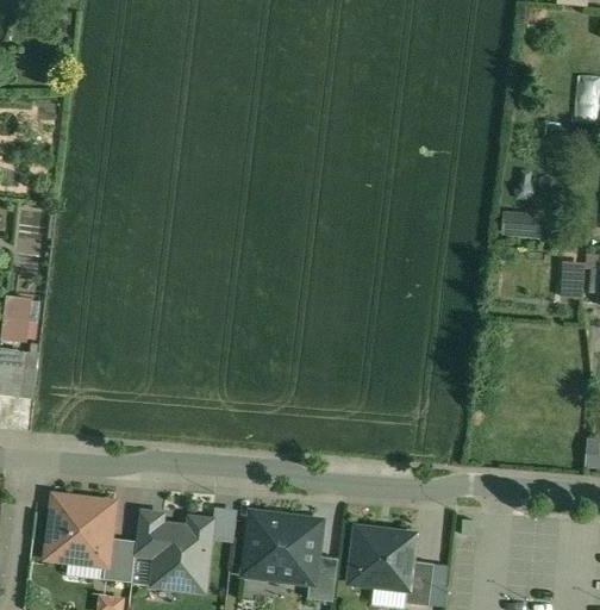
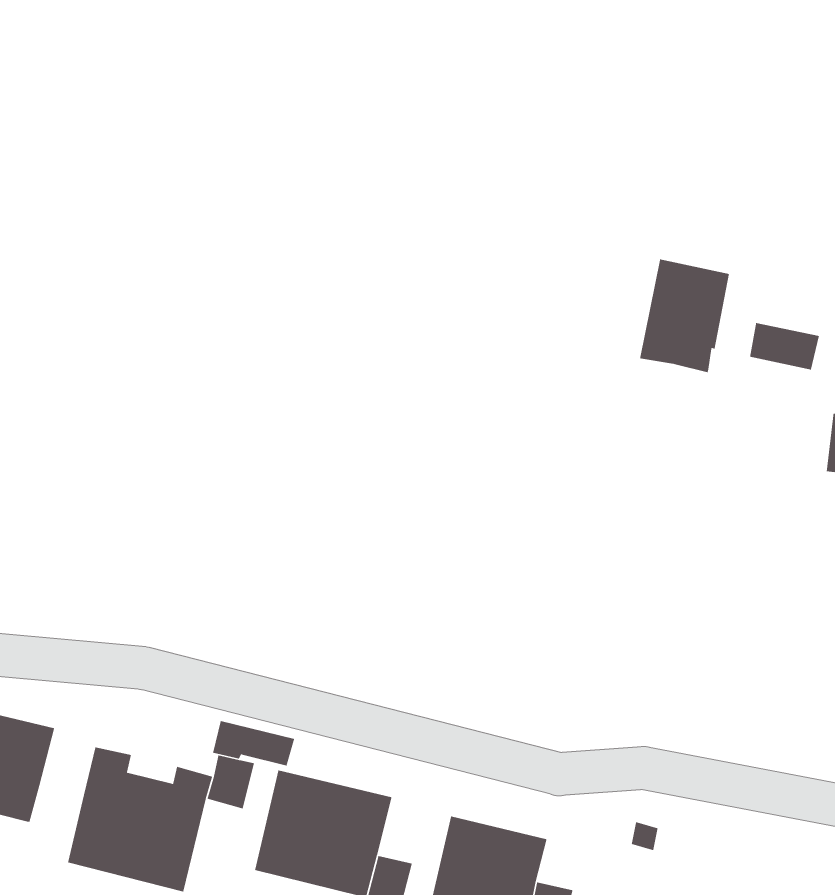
building: none -> [639,259,730,373]
building: none -> [212,720,295,766]
building: [102,537,136,581] -> none

